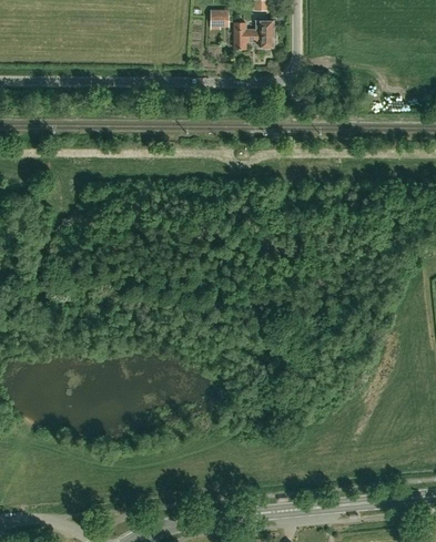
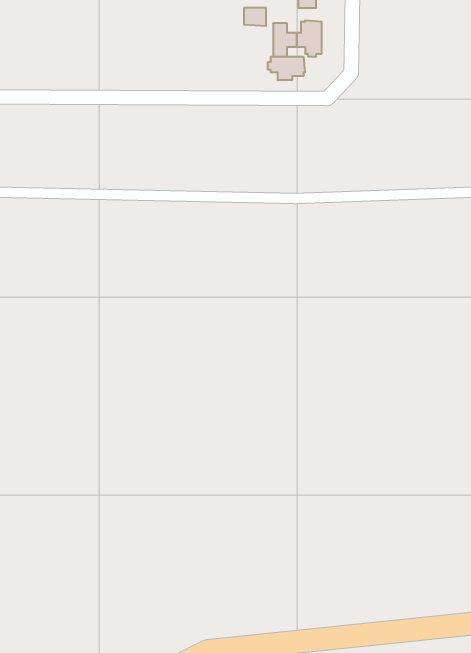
building: none -> [268,57,305,80]

